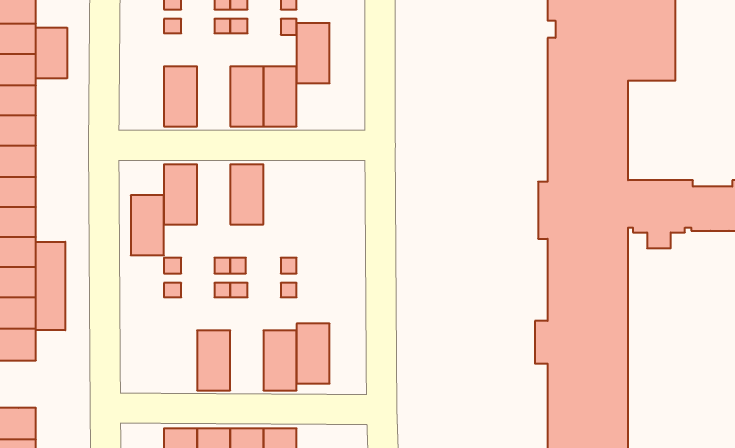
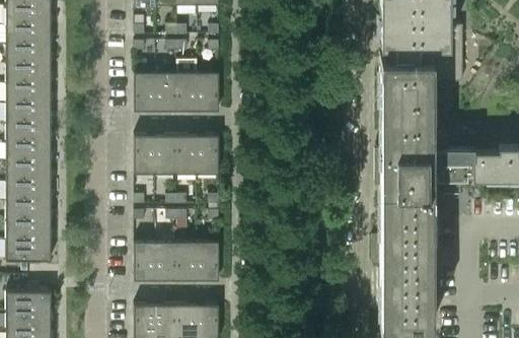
building: [297,23,330,83] -> [155,72,176,111]
building: [36,28,67,78] -> none
building: none -> [198,135,219,174]
building: [131,195,164,255] -> [155,135,176,174]
building: [36,242,65,330] -> none
building: [297,324,330,384] -> [176,242,198,280]
building: none -> [134,242,155,280]

